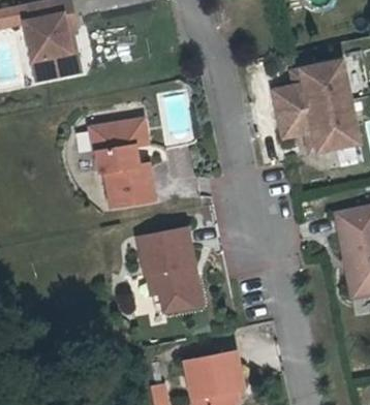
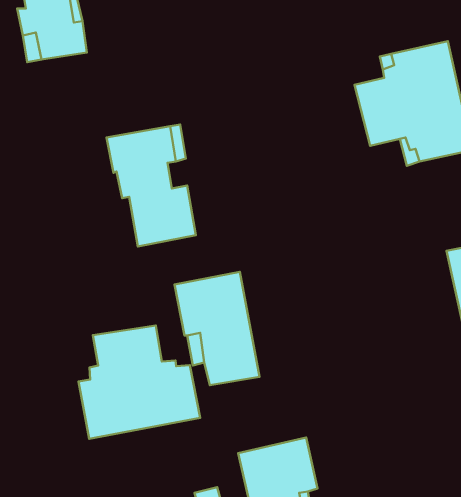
building: none -> [79,325,200,439]

